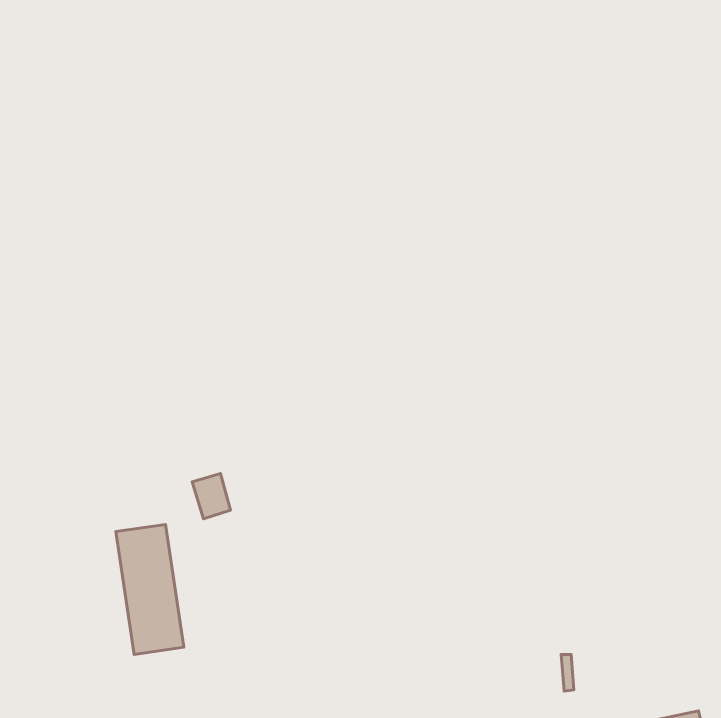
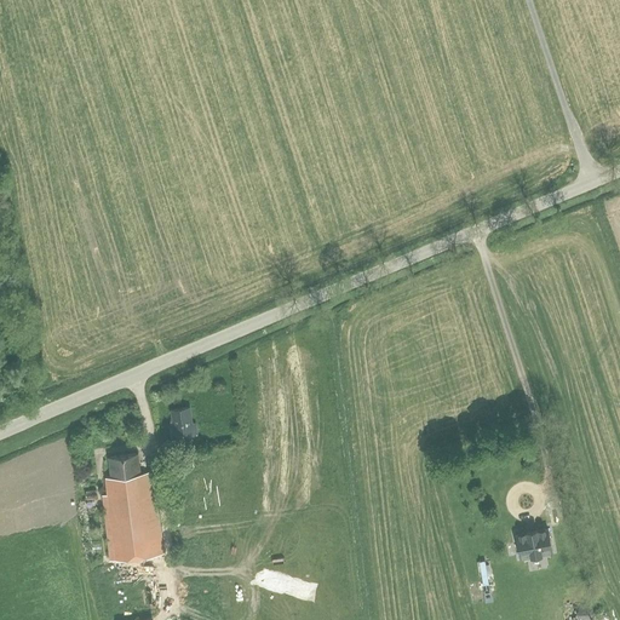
building: none -> [513,529,553,561]

